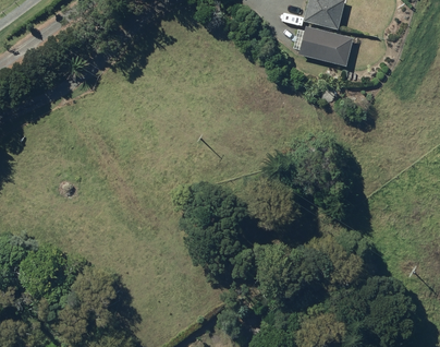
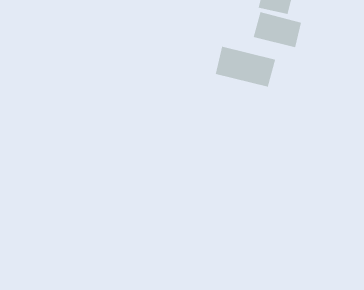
building: none -> [215,46,276,87]

